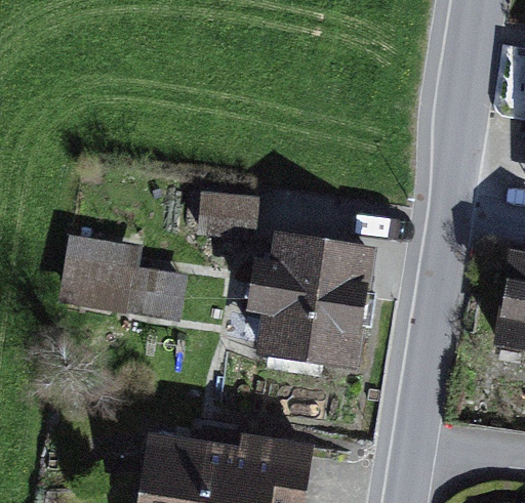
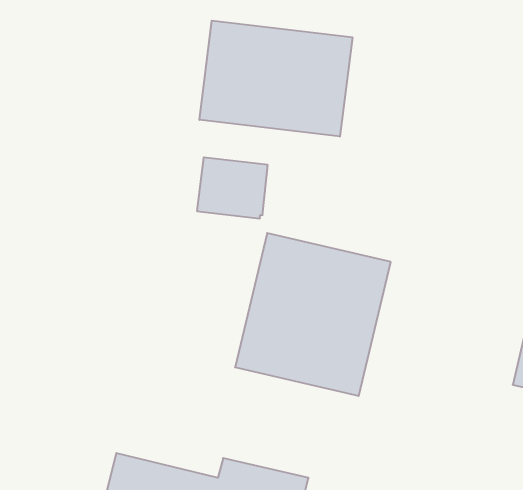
building: none -> [199,21,352,137]
building: [64,224,140,299] -> none

